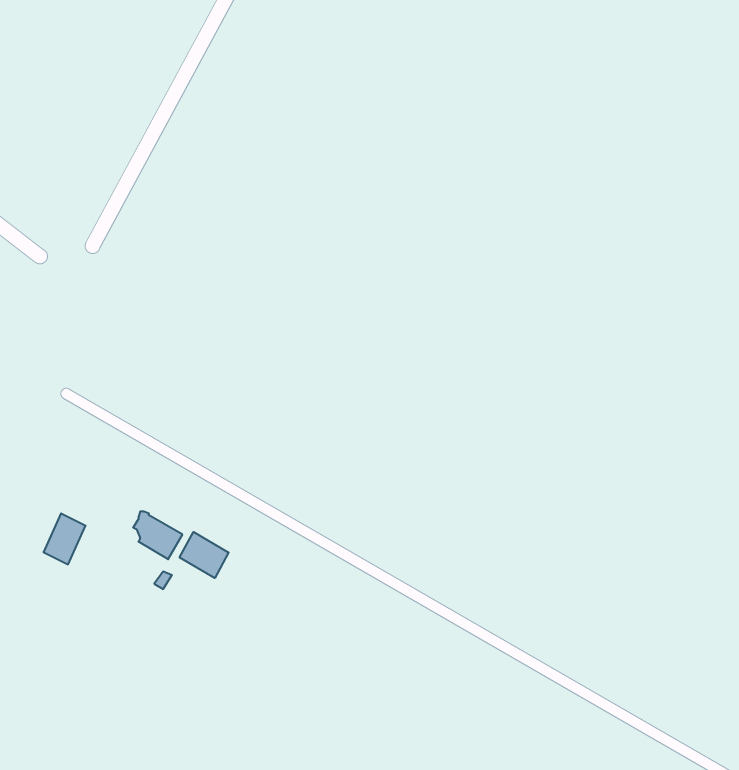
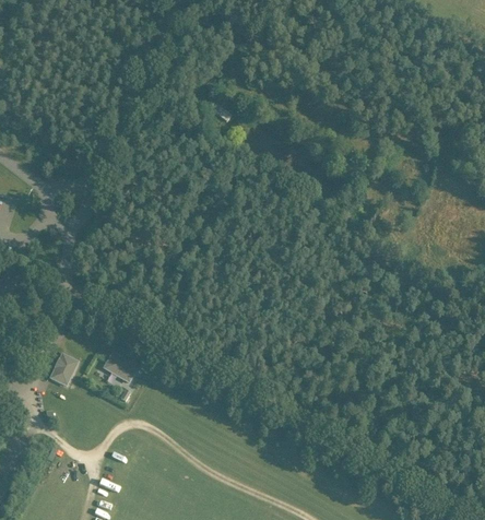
building: [180,532,229,578] -> none

